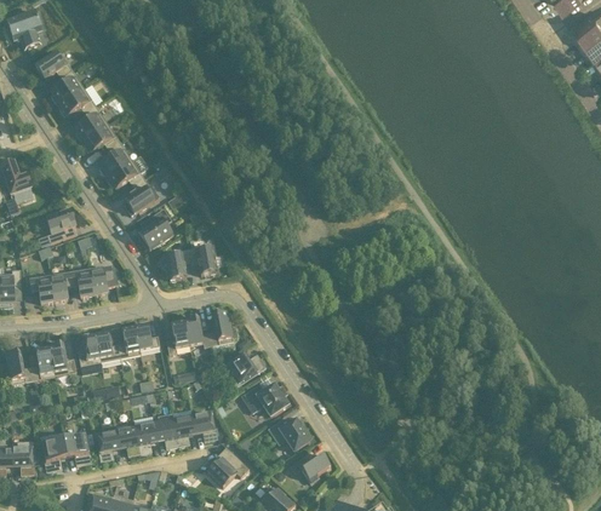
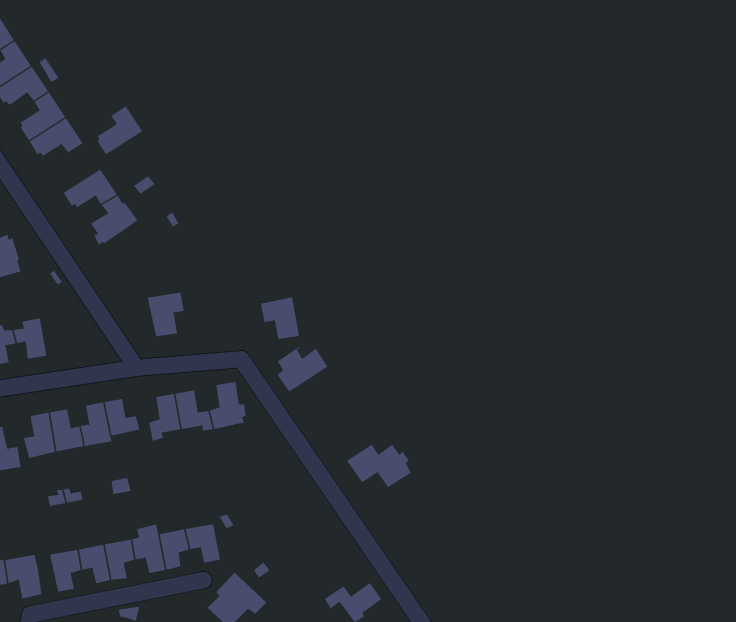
building: [99,143,132,178] -> [97,105,143,155]
building: [139,207,172,248] -> none
building: [189,243,217,274] -> [260,297,300,340]
building: [90,265,119,293] -> none
building: [228,352,264,385] -> [277,346,328,392]
building: [241,384,287,415] -> [346,444,412,488]
building: [269,419,310,450] -> none

